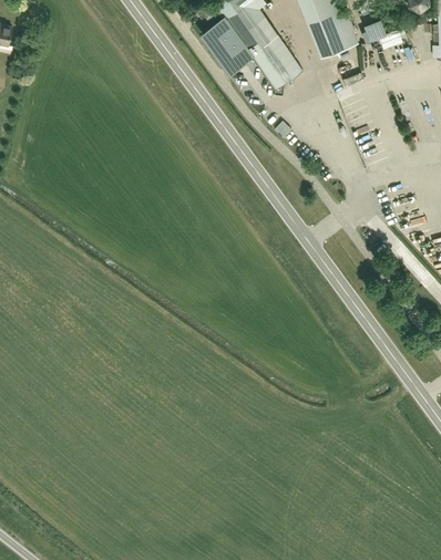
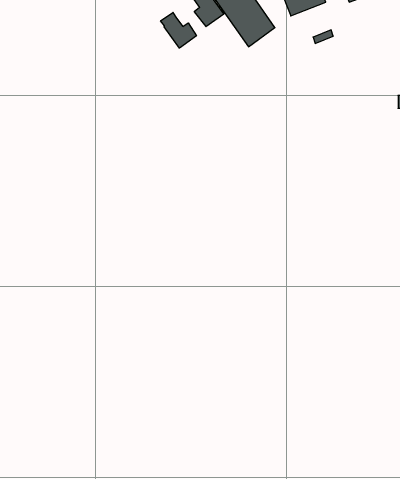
building: none -> [161,12,196,48]

